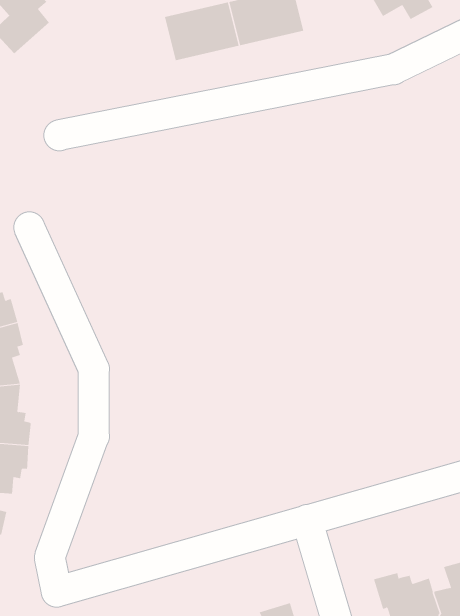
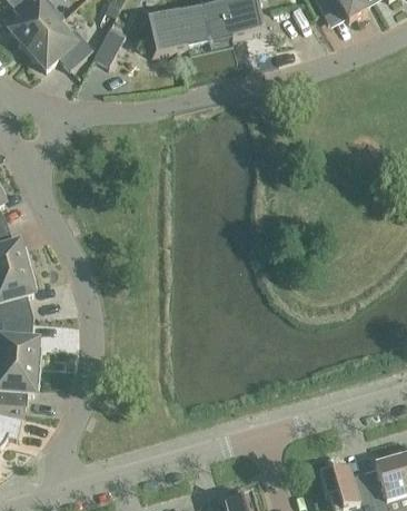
building: none -> [28,22,92,69]
building: none -> [92,24,126,66]

